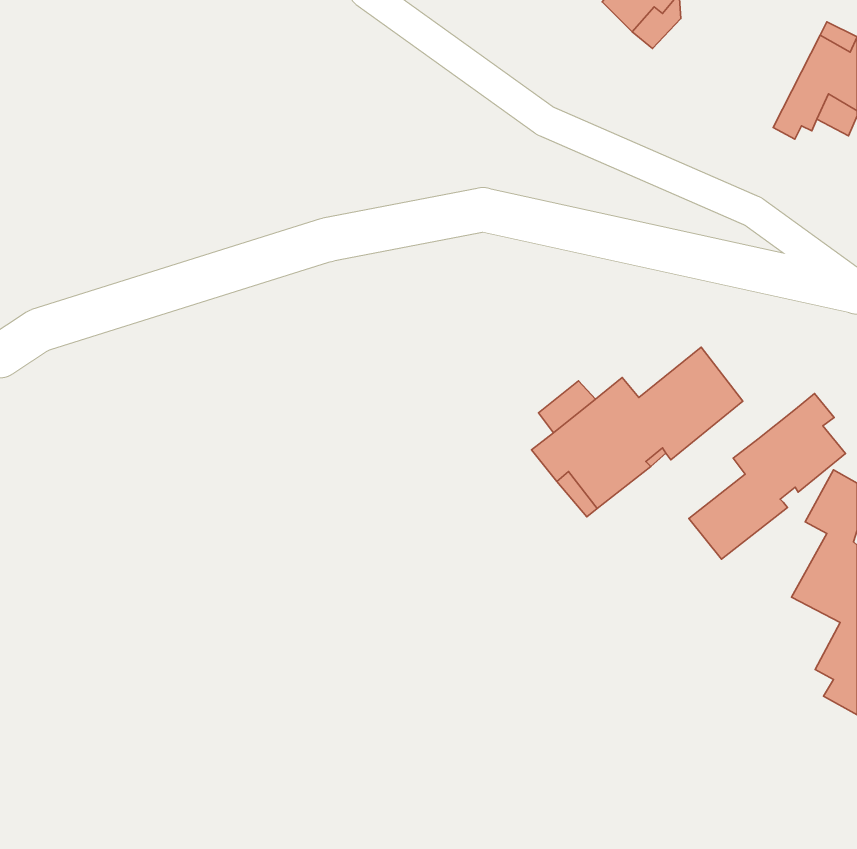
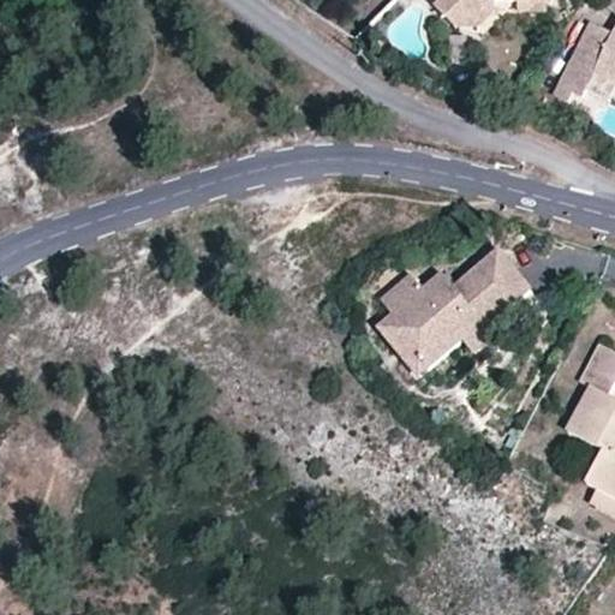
building: [689,393,846,559] -> none

